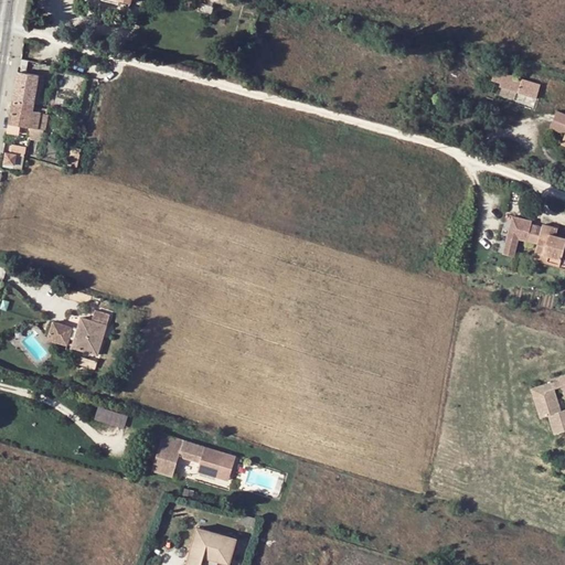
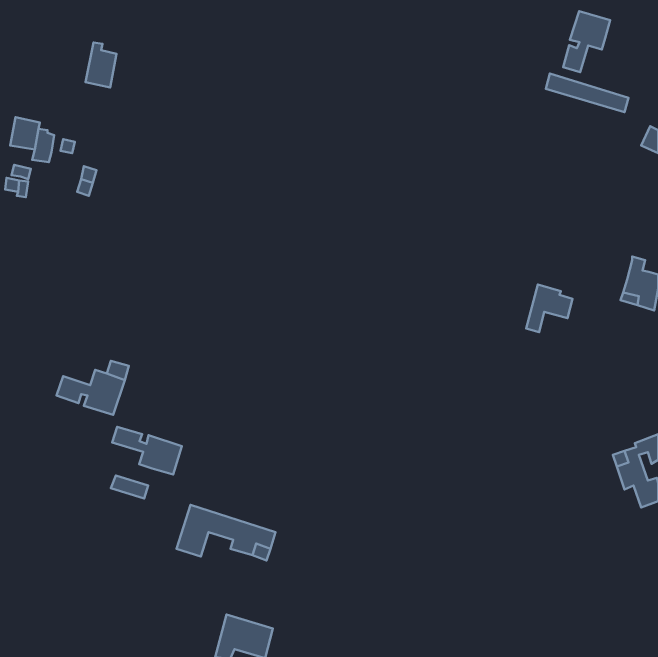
building: none -> [563,11,610,72]
building: [13,67,40,106] -> [86,42,117,87]
building: [502,212,542,253] -> [526,285,573,332]
building: none -> [112,427,182,474]

